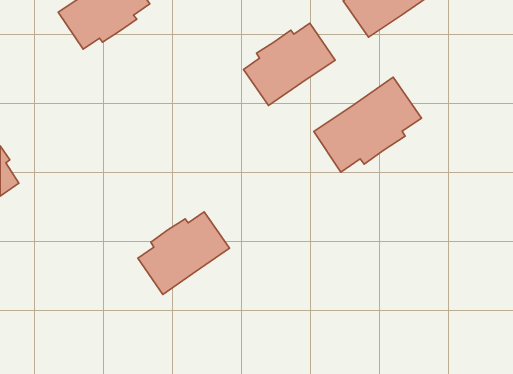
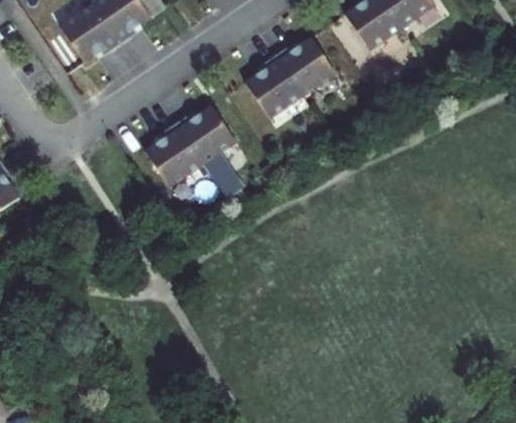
building: [314,77,422,172] -> none
building: [138,212,229,294] -> [145,104,237,186]

